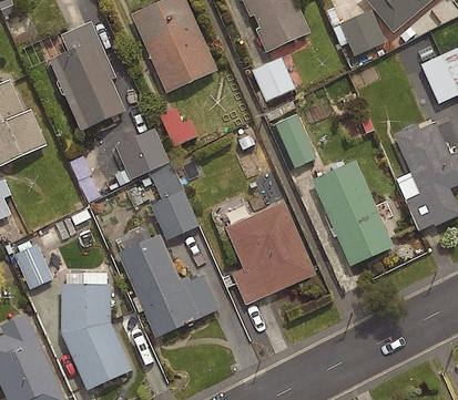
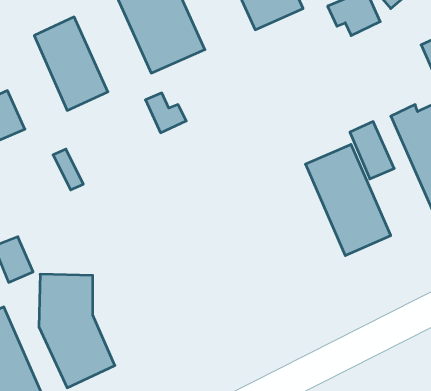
building: [253,60,294,103] -> none
building: [275,115,317,170] -> [350,122,394,179]
building: [118,132,167,181] -> none
building: [152,168,197,240] -> none
building: [223,201,315,304] -> none
building: [116,235,218,337] -> none

